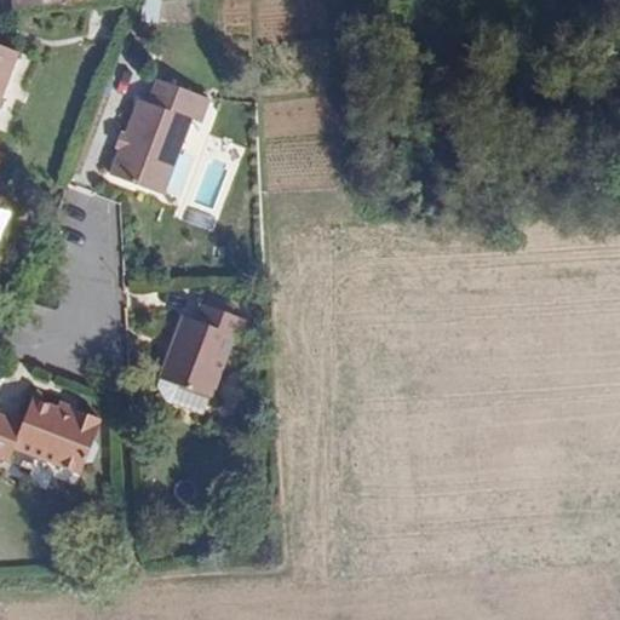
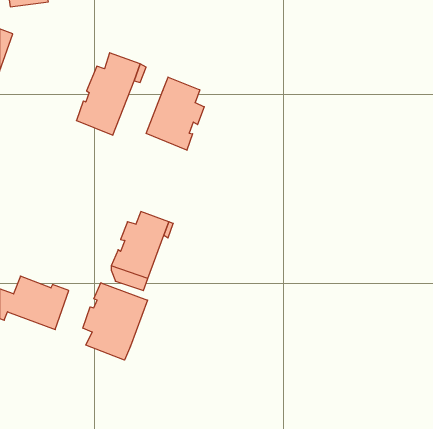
building: none -> [146,77,204,150]
building: none -> [83,283,148,360]

